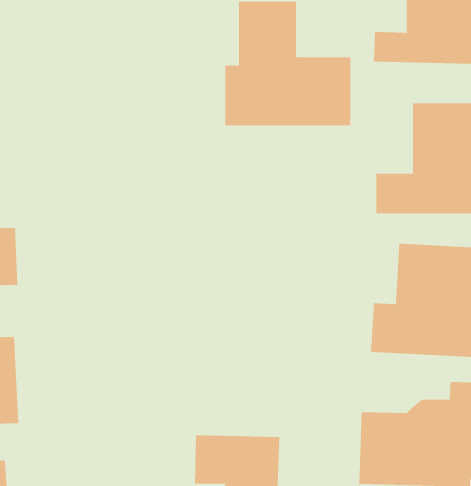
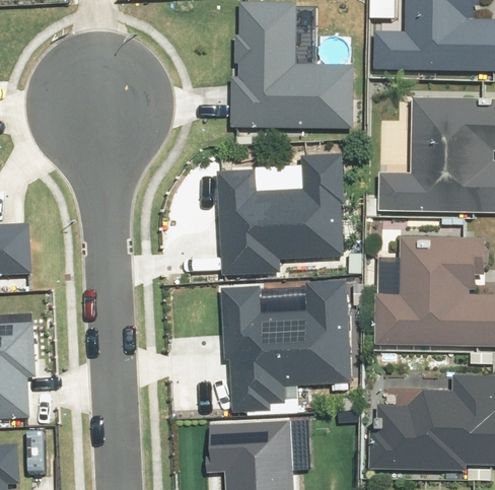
building: none -> [207,155,352,269]
building: none -> [214,280,353,407]

